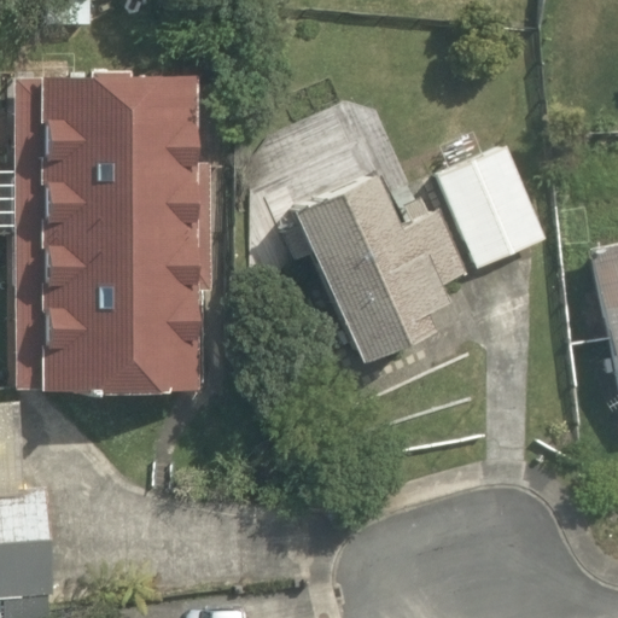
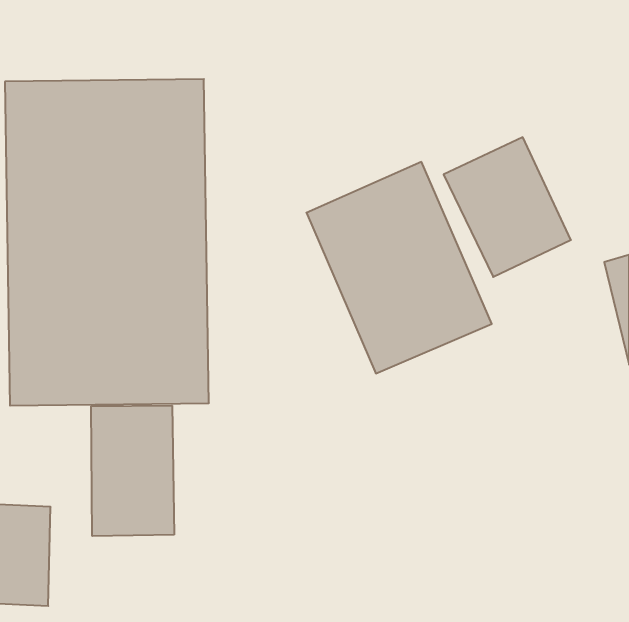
building: none -> [91,406,174,536]

